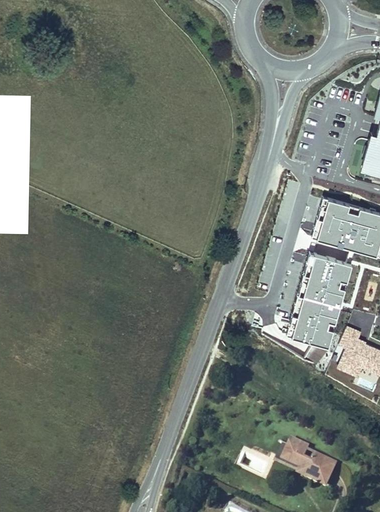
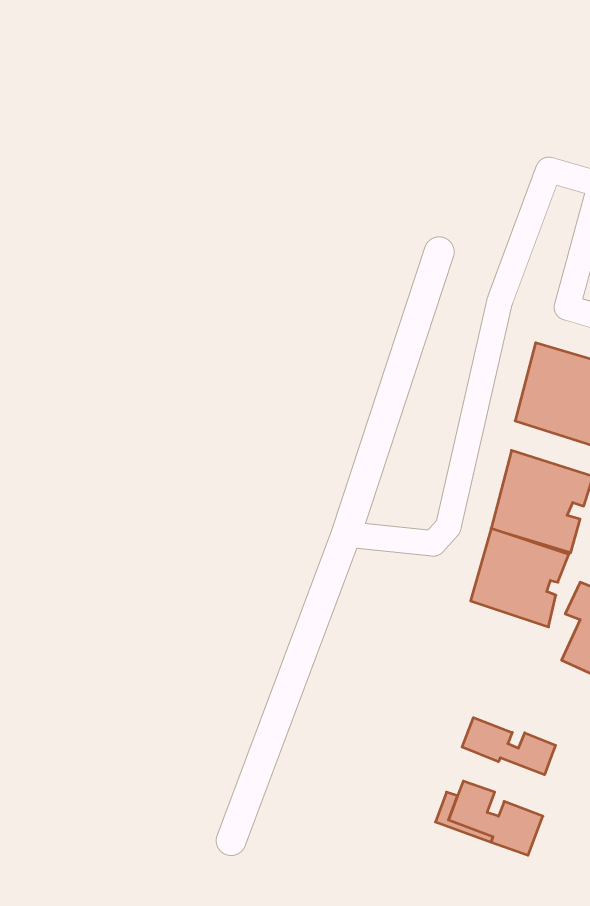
building: none -> [462,718,556,775]

